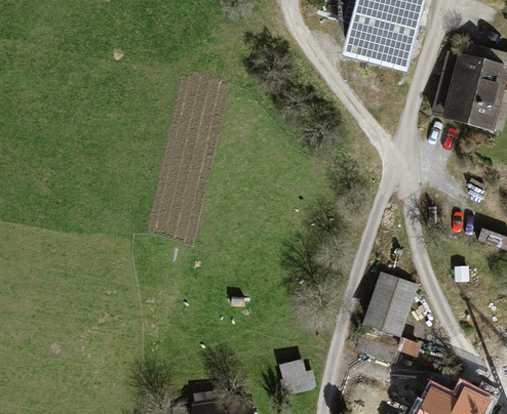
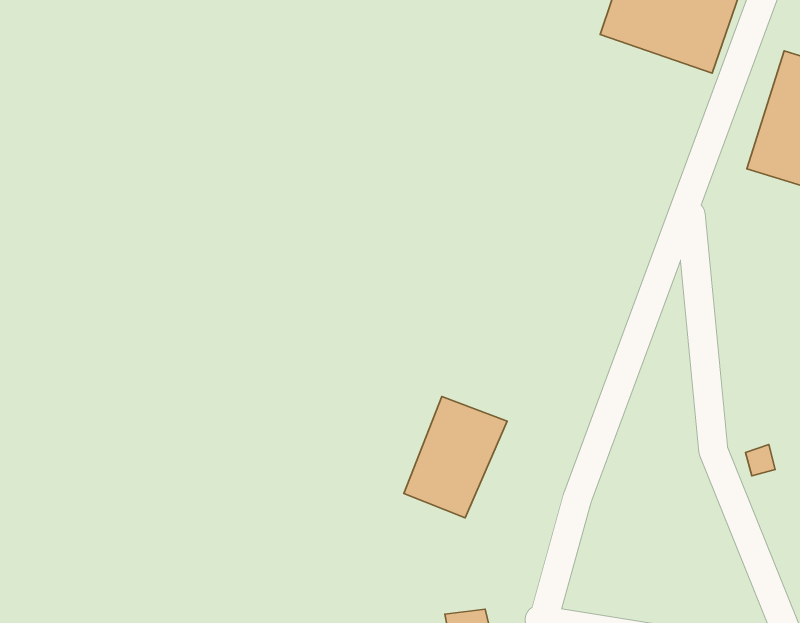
building: [362,272,416,336] -> [404,397,507,518]

